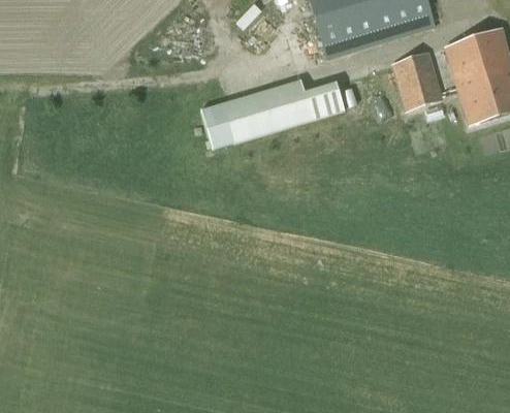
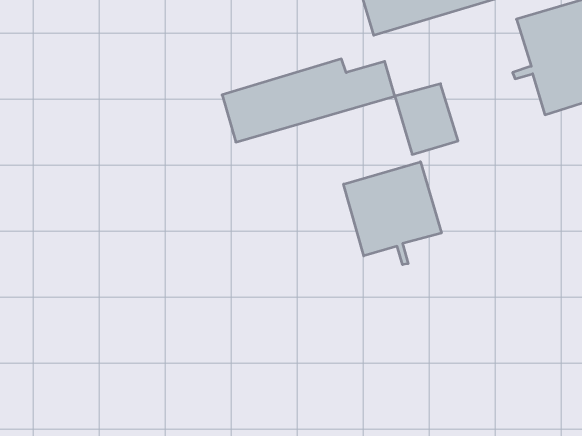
building: [390,50,443,108] -> [395,84,458,154]
building: none -> [344,162,441,265]

